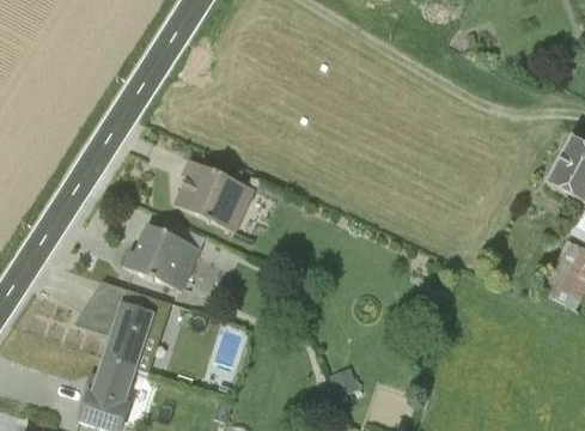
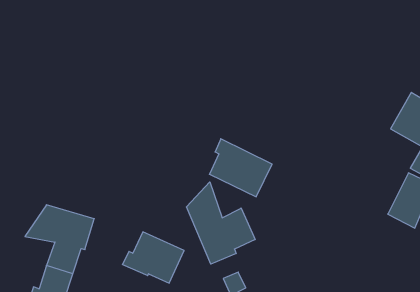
building: [175,158,255,232] -> [209,139,272,197]
building: [122,224,201,290] -> [122,232,184,283]
building: none -> [186,182,255,264]

